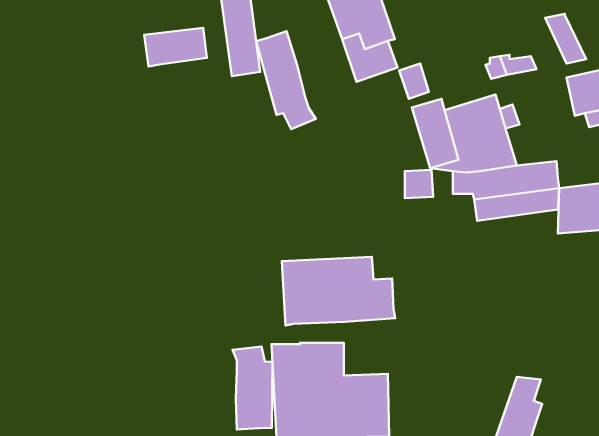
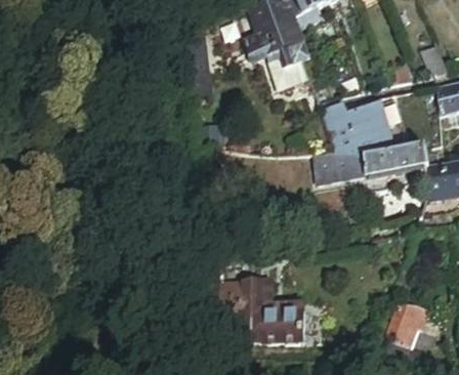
building: [144,28,207,66] -> none
building: [256,31,316,129] -> none
building: [282,257,395,326] -> none
building: [233,346,272,430] -> none

